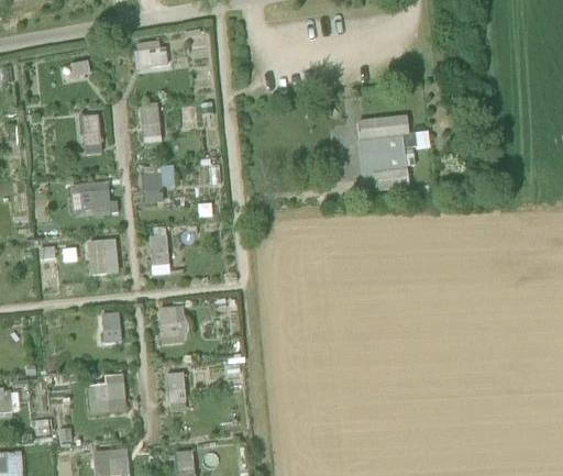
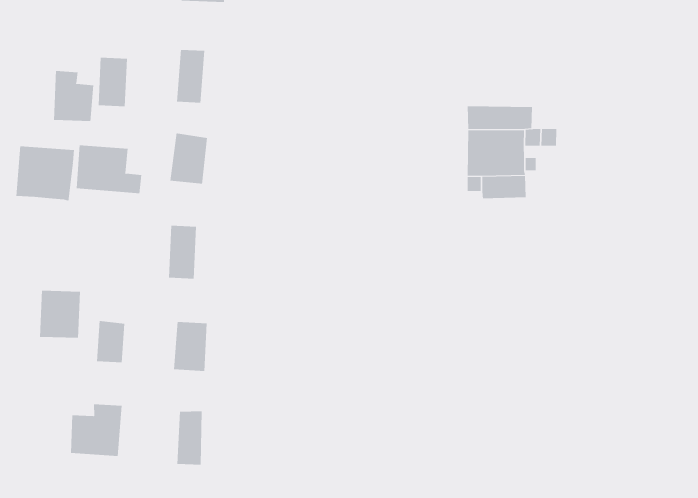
building: none -> [53,70,94,122]
building: none -> [16,146,74,201]
building: [87,237,119,275] -> [39,290,81,338]

